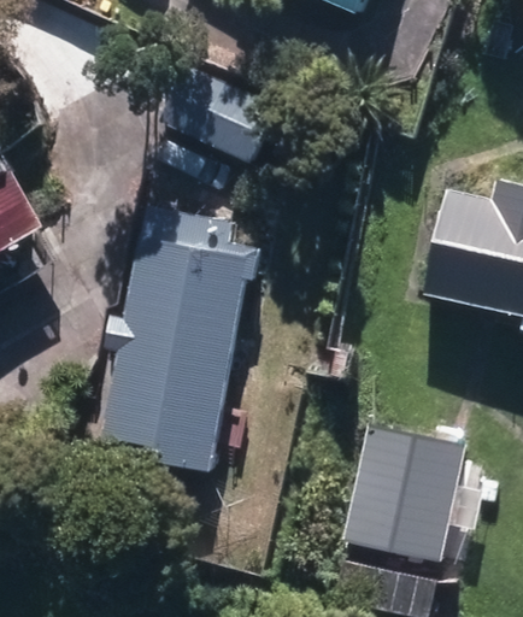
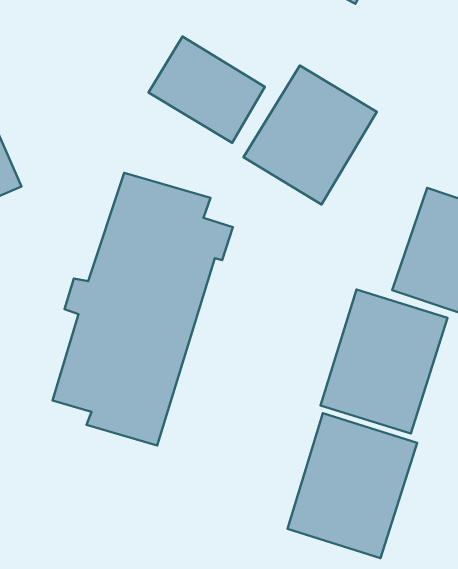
building: none -> [244,66,377,204]
building: none -> [321,289,448,433]

